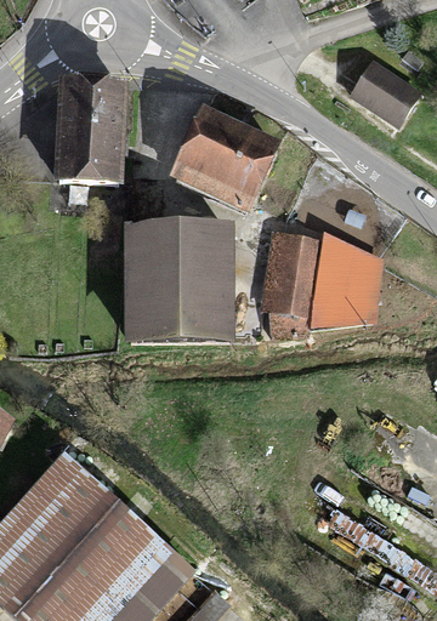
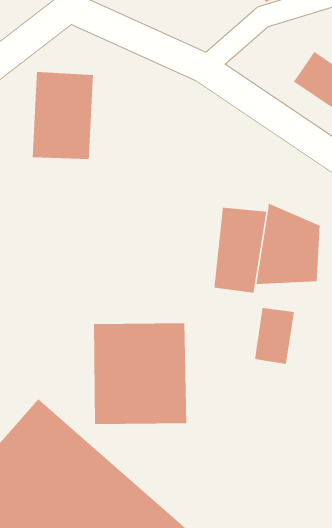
building: [170,108,278,211] -> none
building: [123,229,229,346] -> [93,322,187,425]
building: none -> [254,307,295,365]

